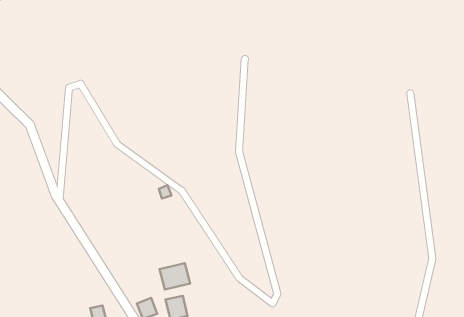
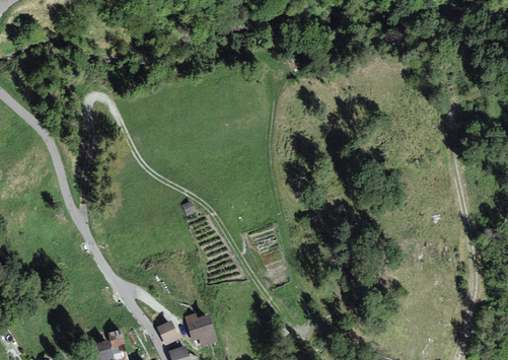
building: [160,263,190,290] -> none

